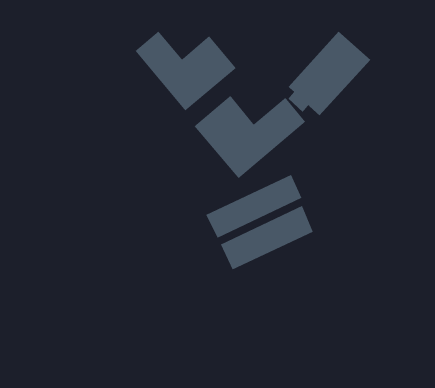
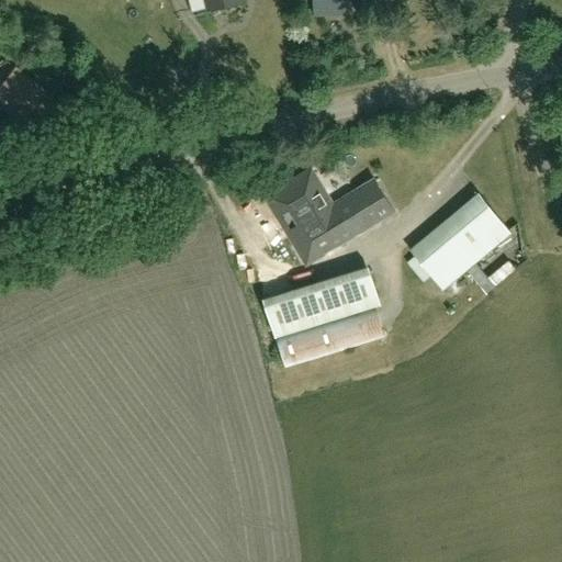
building: [135,31,237,111] -> none
building: [287,31,371,116] -> [407,194,509,289]

